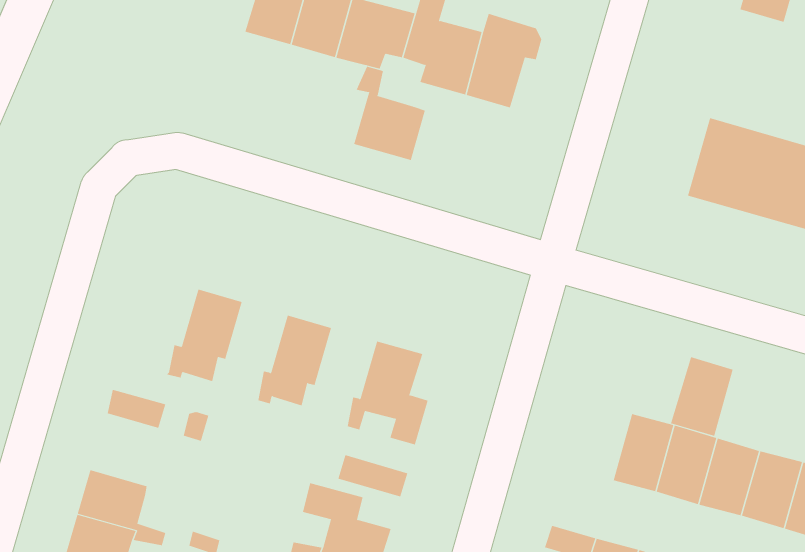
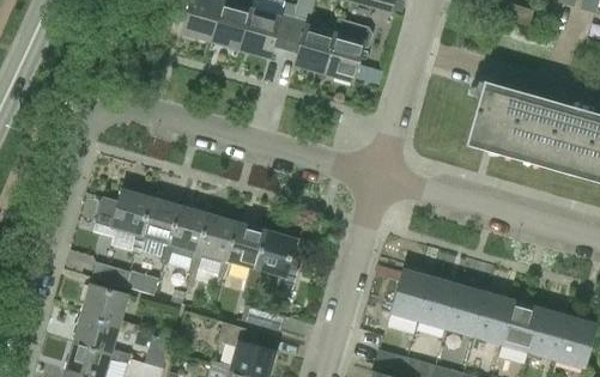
building: [353,66,425,161] -> none
building: none -> [96,189,152,235]
building: none -> [160,206,210,269]
building: none -> [219,223,267,280]
building: [670,356,733,436] -> [390,269,431,321]
building: none -> [83,285,140,334]

